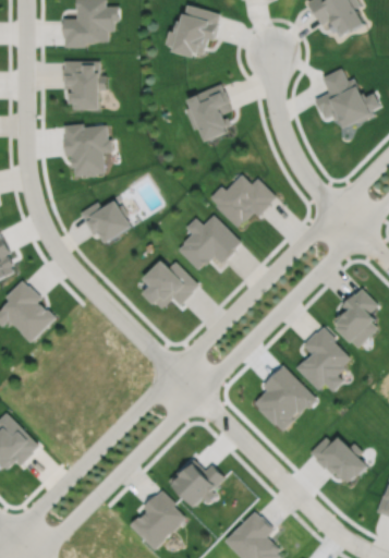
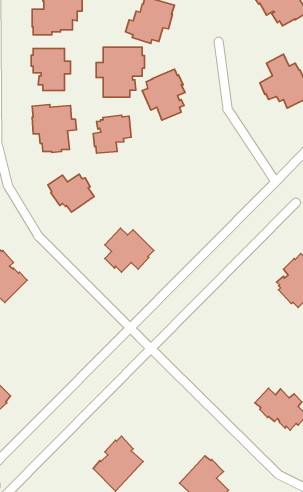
building: none -> [96,47,144,97]
building: none -> [93,115,131,153]
building: [209,174,276,227] -> none
building: [178,215,241,269] -> none
building: [295,327,349,392] -> none
building: [254,366,316,430] -> none
building: [168,460,224,509] -> none

